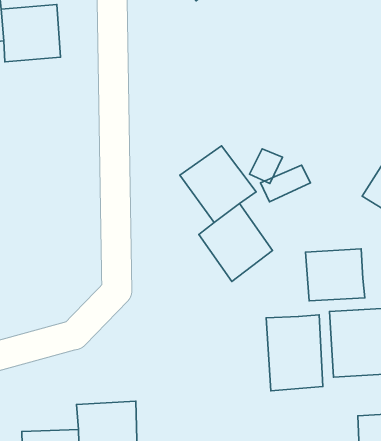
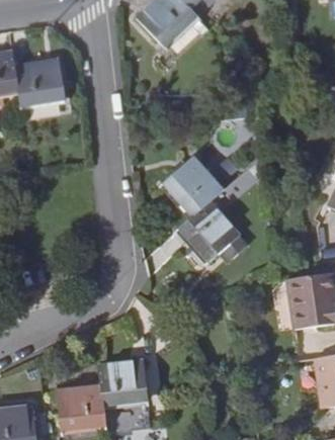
building: [306,249,365,301] -> none
building: [266,315,323,391] -> none

